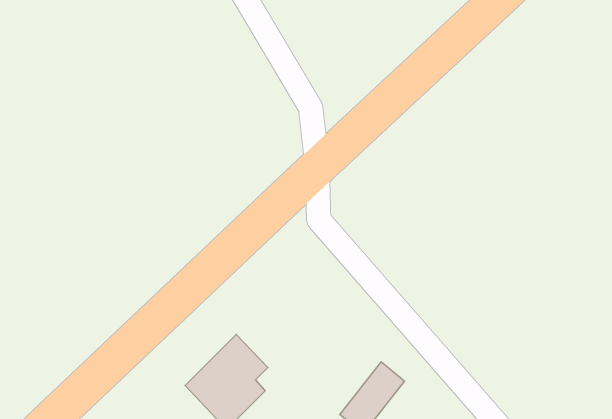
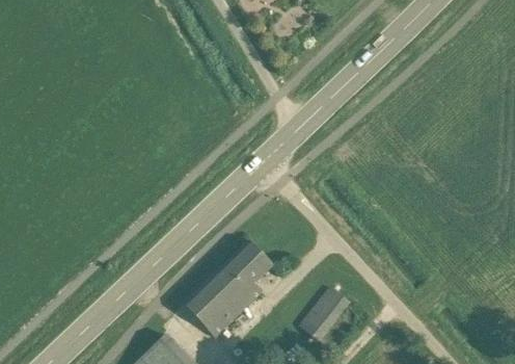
building: none -> [223,238,274,307]

